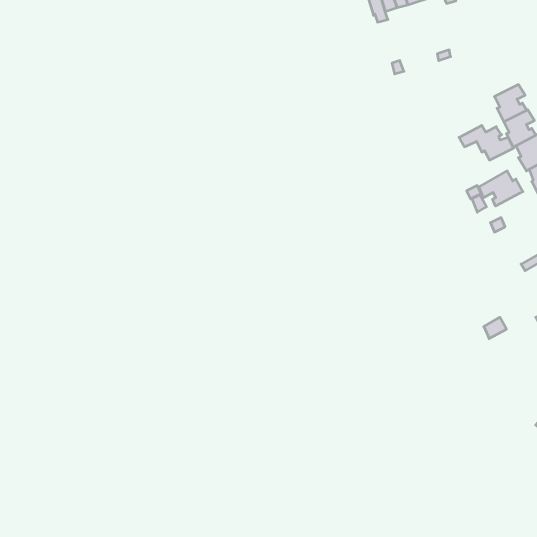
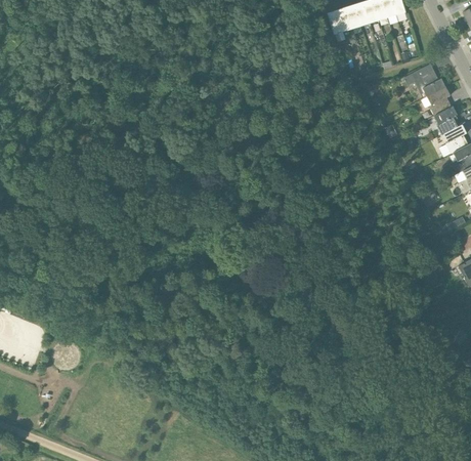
building: [459,125,514,160] -> [403,69,445,95]
building: [479,171,523,206] -> none

